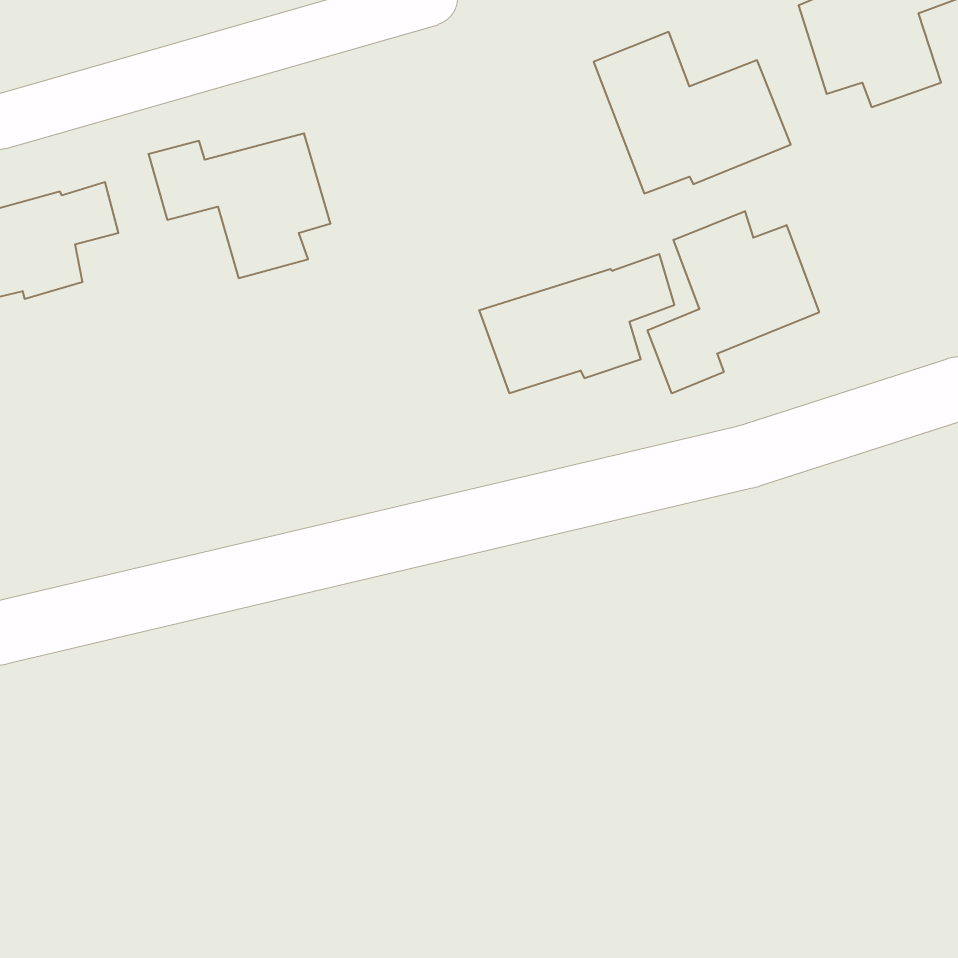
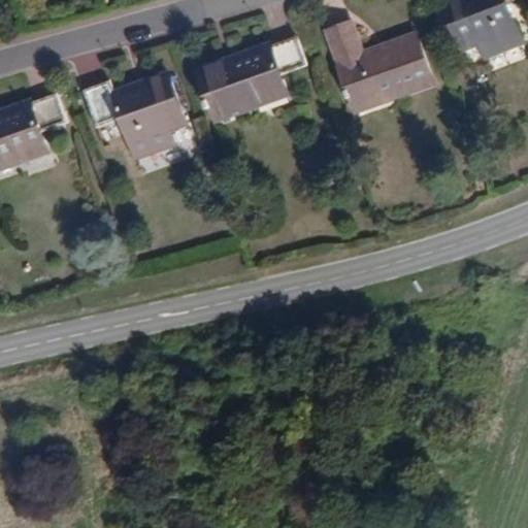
building: [648,211,819,393] -> none
building: [479,254,674,393] -> [197,40,304,117]

